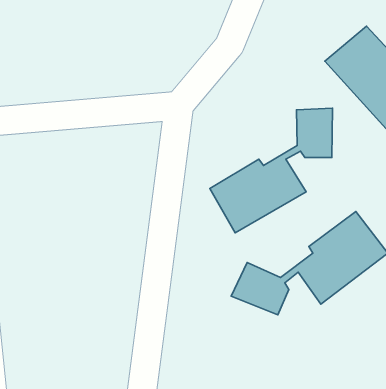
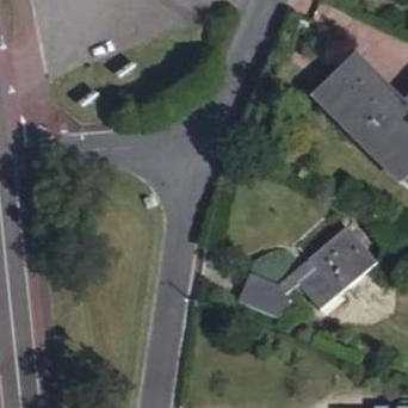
building: [210,108,333,233] -> none

